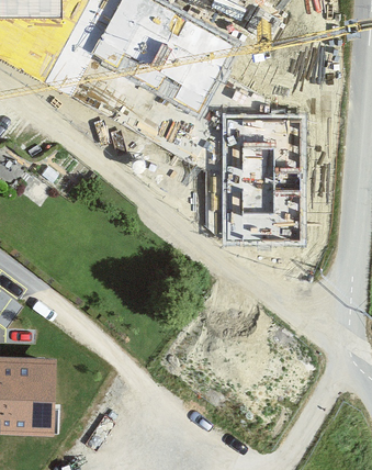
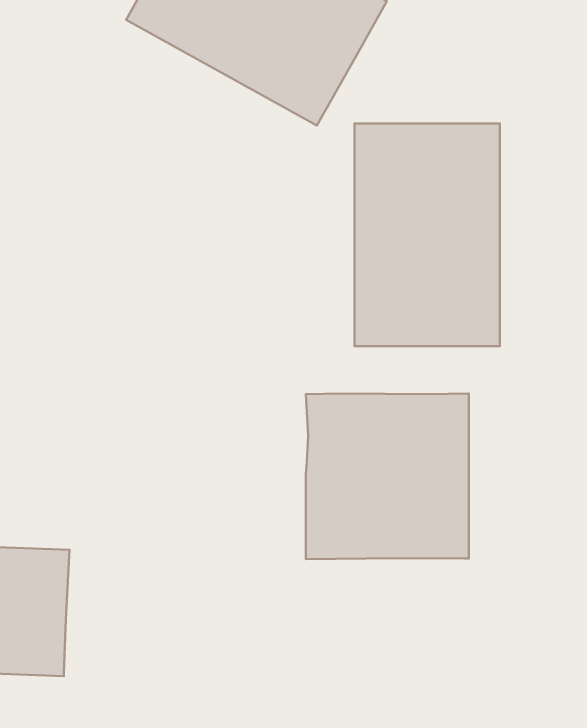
building: none -> [306,393,469,559]

